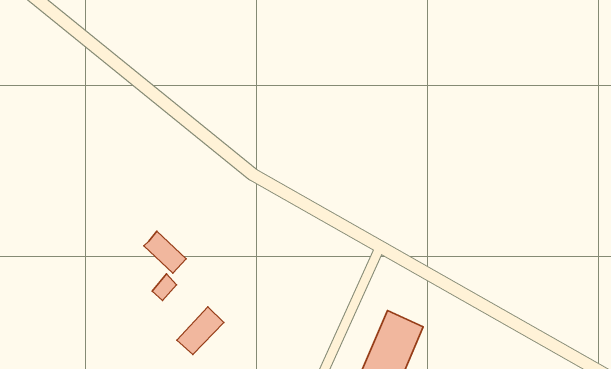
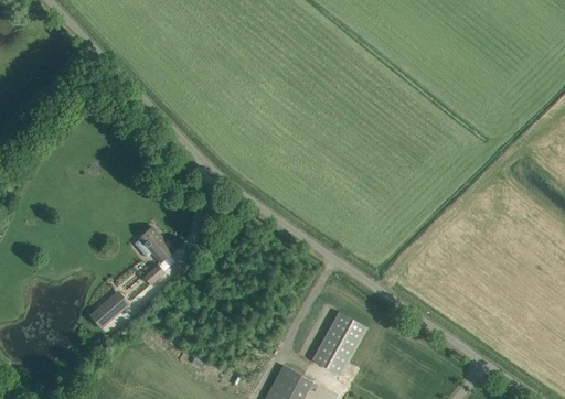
building: [177,307,224,354] -> [88,290,129,328]

